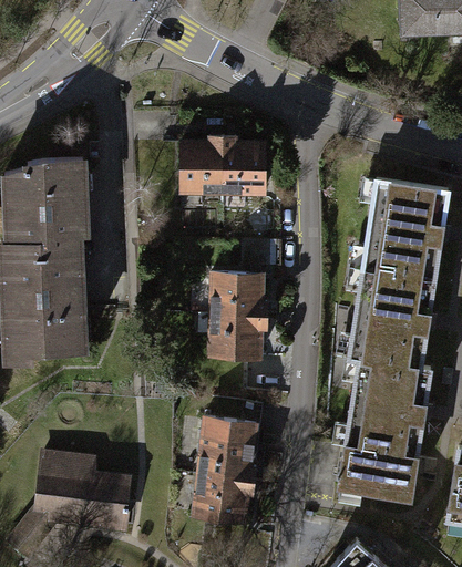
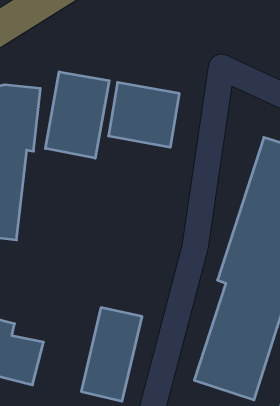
building: none -> [45,72,109,158]
building: [204,275,264,372] -> none

